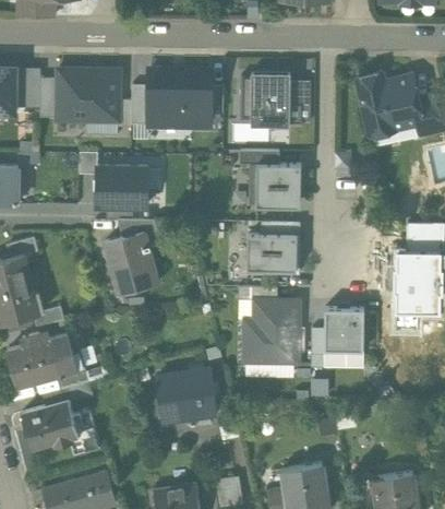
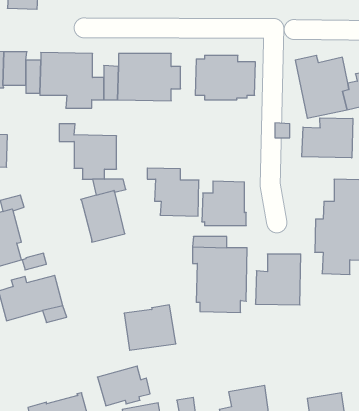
building: none -> [302,118,353,158]
building: [239,152,300,209] -> [147,168,199,216]
building: [21,401,83,448] -> [97,366,150,406]

